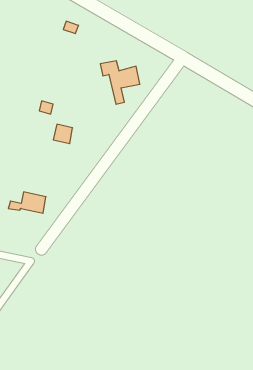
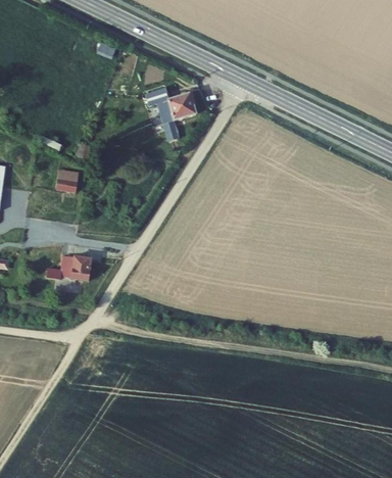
building: [53,124,73,144] -> [55,169,78,191]

